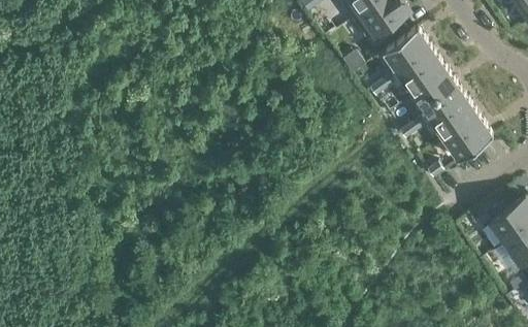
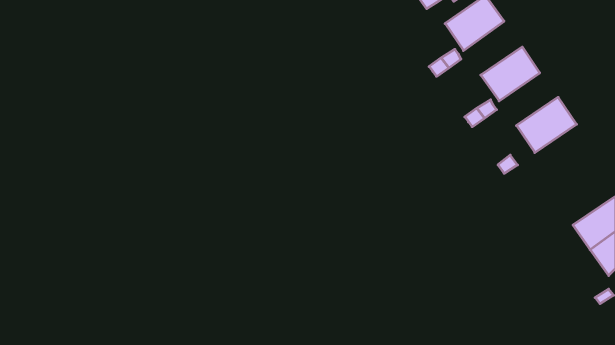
building: [399,52,449,97] -> none
building: [429,95,478,139] -> none

